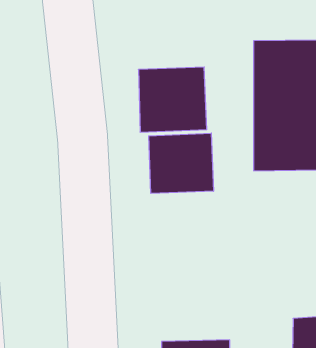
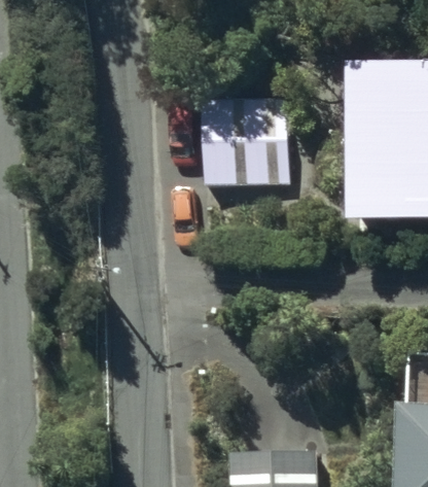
building: [149,133,213,193] -> none

